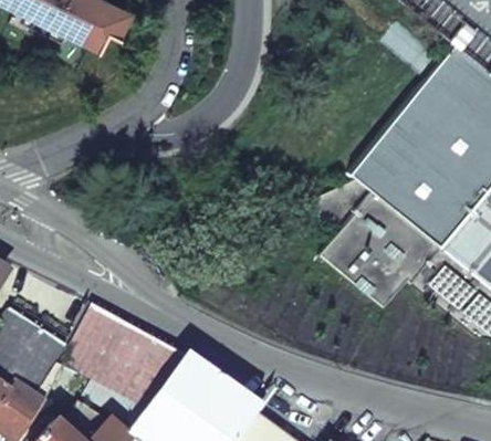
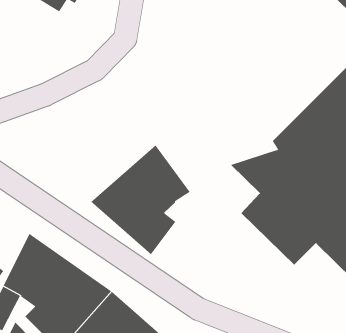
building: none -> [90,144,190,255]

